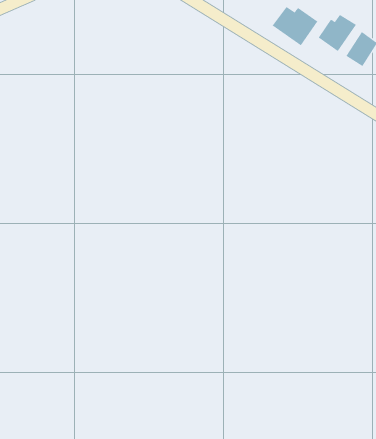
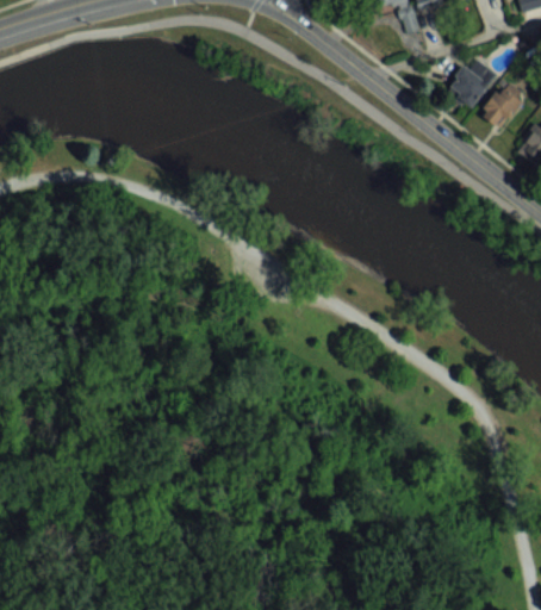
building: [272,6,318,46] -> none

